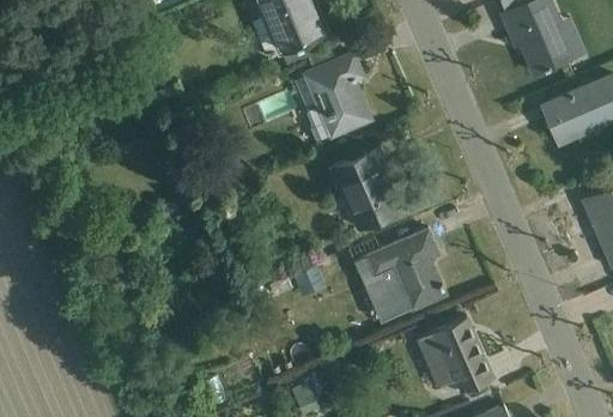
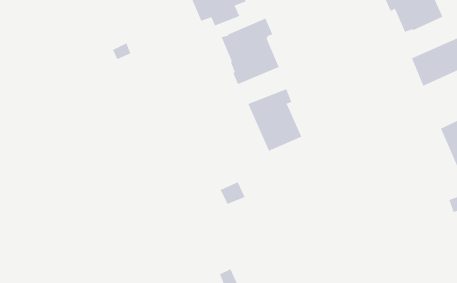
building: [364,229,447,321] -> none
building: [417,316,494,393] -> none

